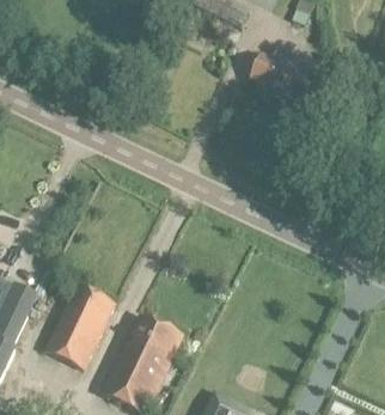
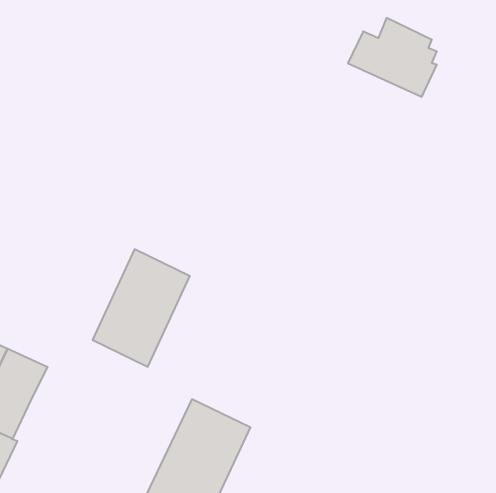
building: [45,283,115,367] -> [93,249,190,367]

